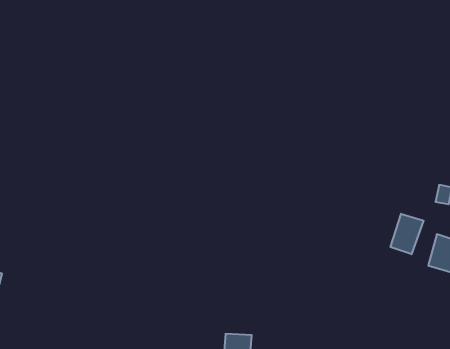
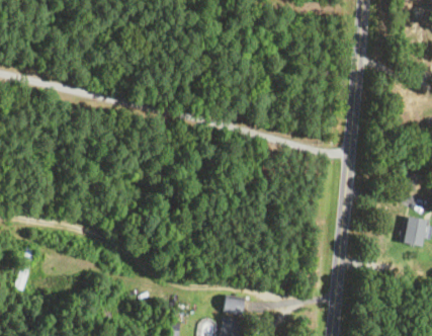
building: [390,214,424,254] -> none

